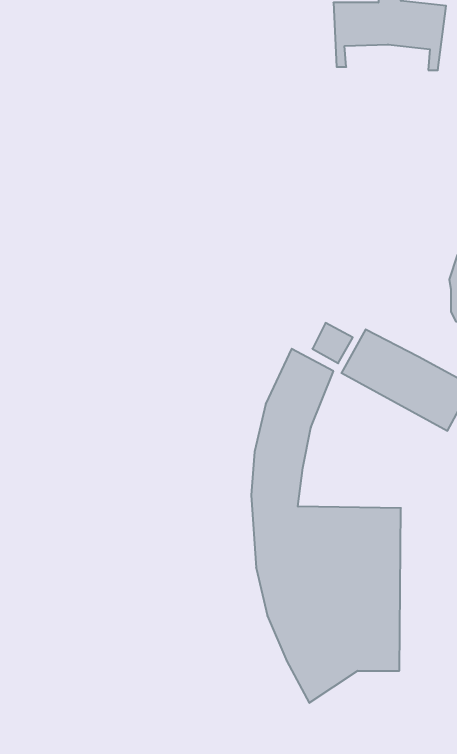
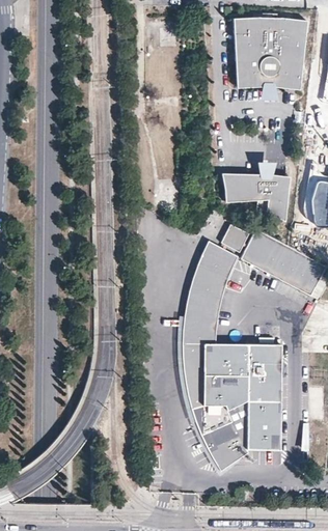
building: none -> [238,46,303,89]
building: none -> [224,174,289,220]

